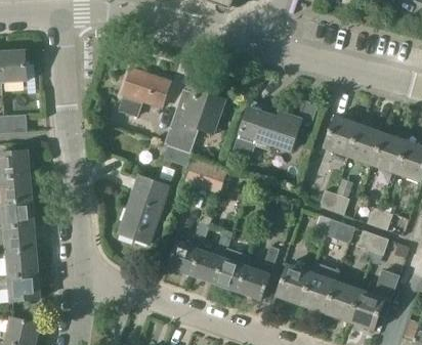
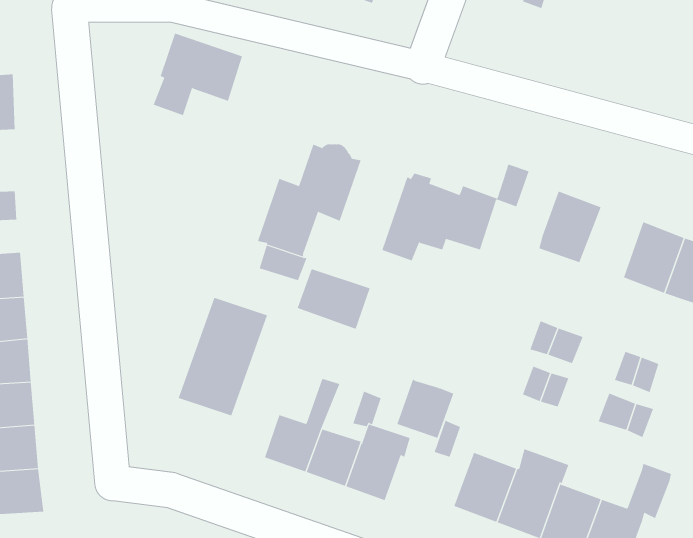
building: [119,68,170,115] -> [153,33,243,116]
building: [346,124,382,164] -> none
building: [236,265,268,299] -> [396,379,454,438]

